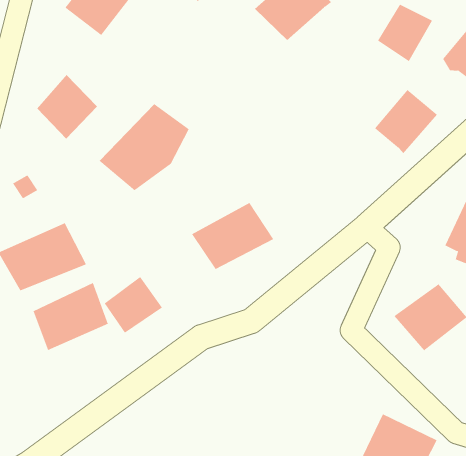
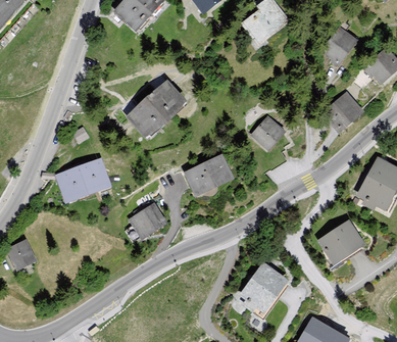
building: [36,74,98,139] -> none
building: none -> [248,116,286,153]
building: [33,282,108,351] -> none
building: none -> [236,263,290,320]

